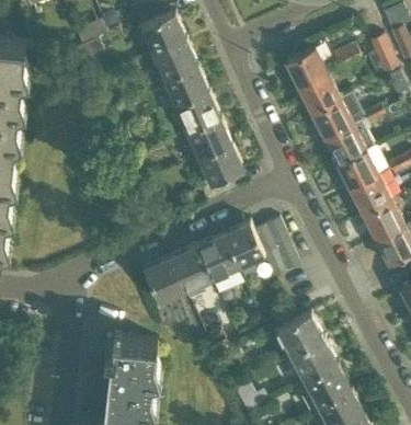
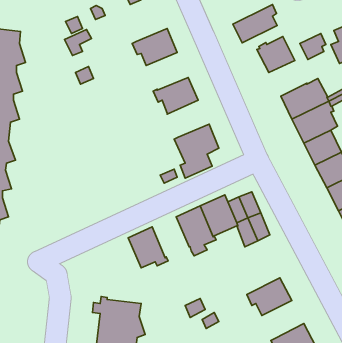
building: [136,12,186,53] -> none
building: none -> [233,5,277,43]
building: [159,65,209,106] -> none
building: [298,73,340,113] -> none
building: [182,117,232,158] -> none
building: [170,245,213,290] -> none
building: [287,337,336,379] -> none

